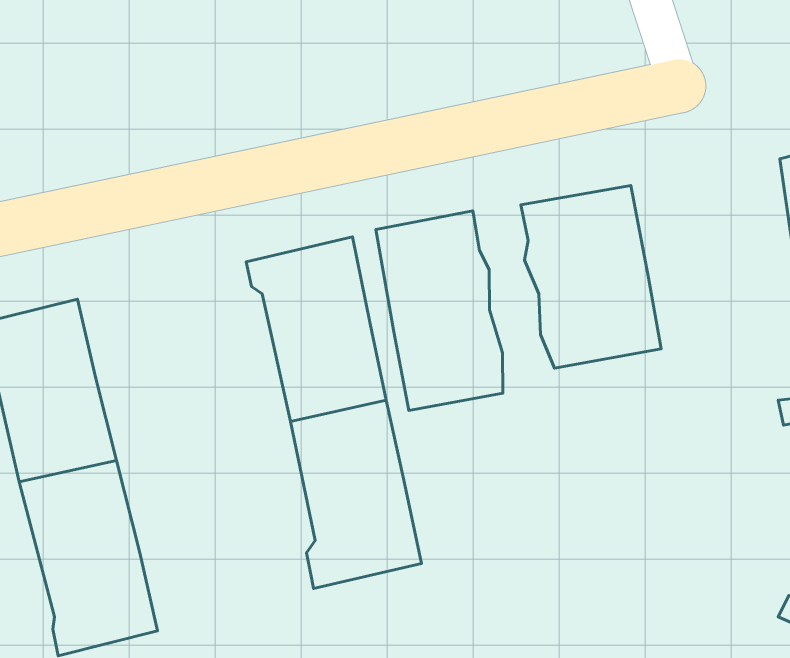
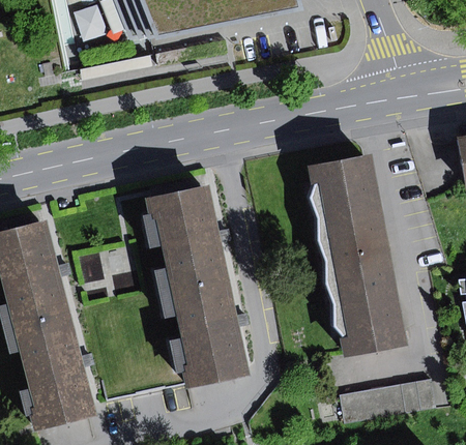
building: [376,211,503,410] -> none
building: none -> [324,248,406,357]
building: none -> [337,378,434,422]

